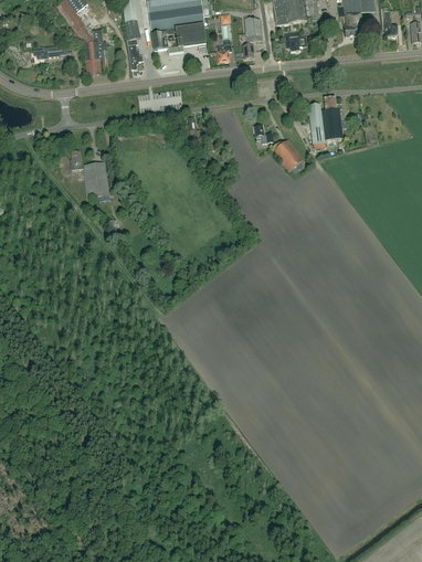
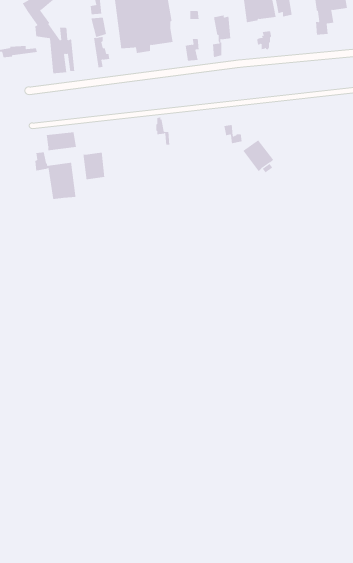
building: [308,96,342,142] -> none
building: none -> [46,131,76,151]
building: none -> [83,152,105,180]

